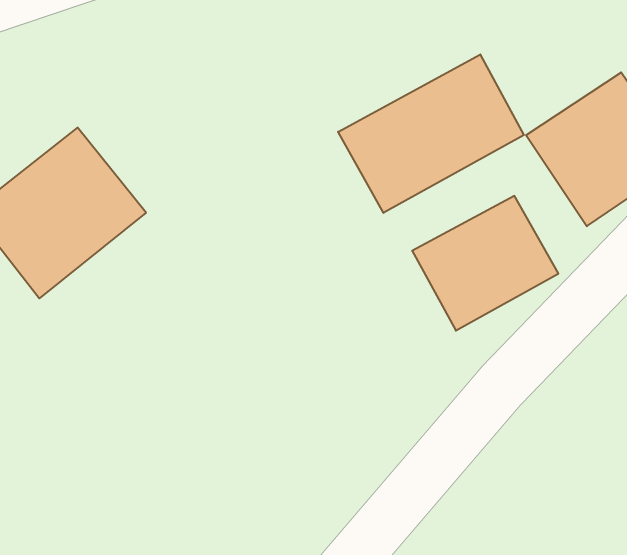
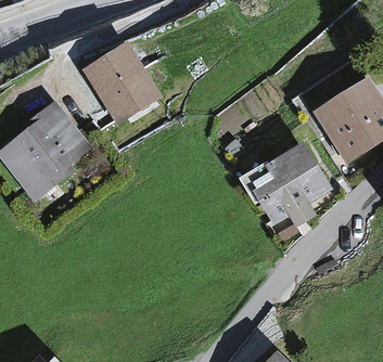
building: none -> [81,41,161,124]
building: [338,54,524,213] -> none

